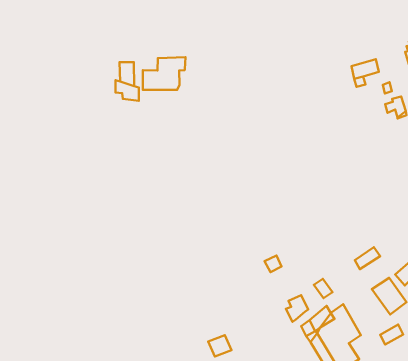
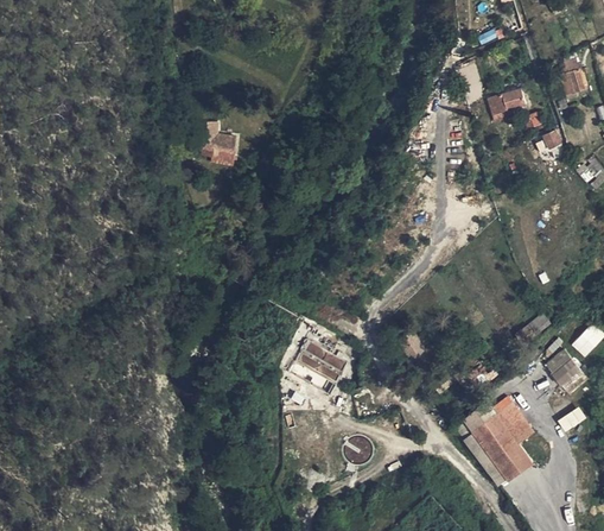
building: [143,57,185,90] -> none
building: none -> [295,346,344,384]
building: [286,295,308,322] -> none

